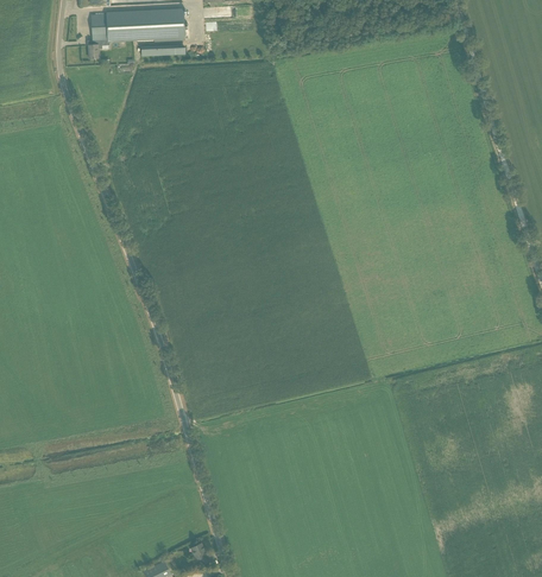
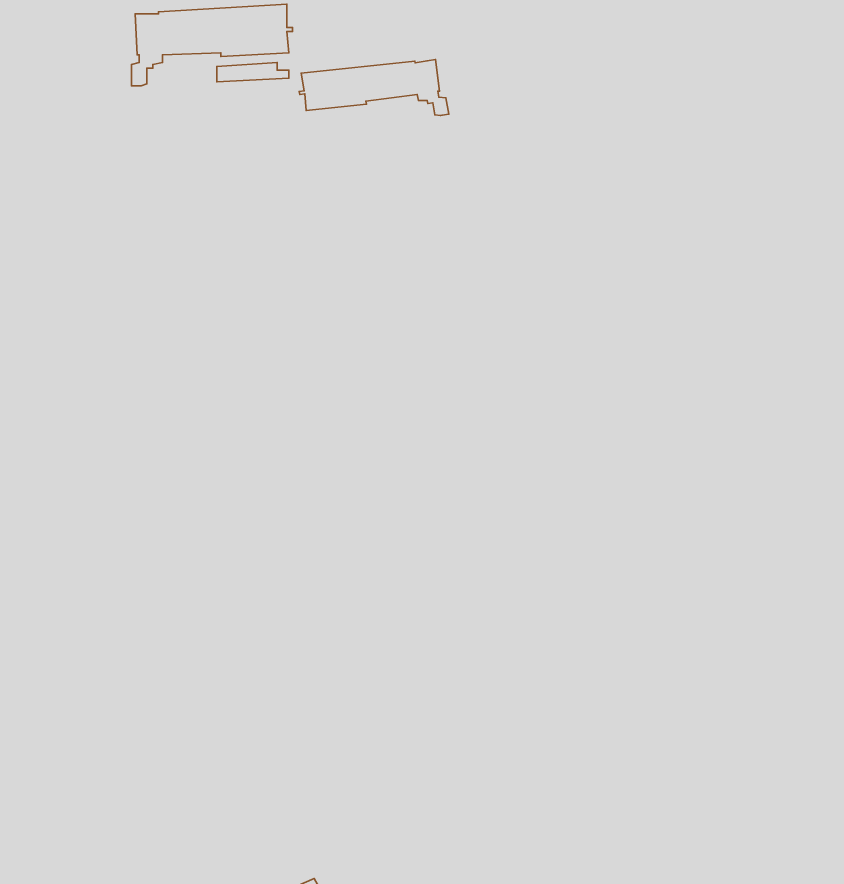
building: none -> [299,60,449,115]

